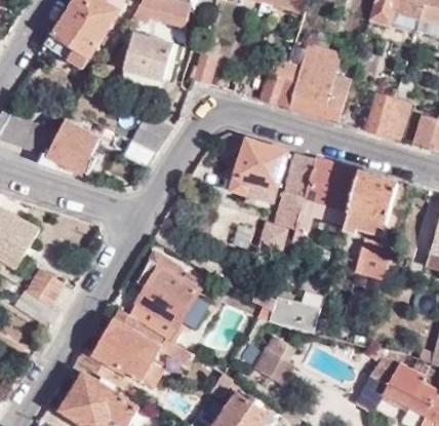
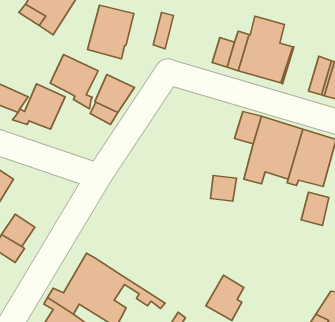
building: none -> [50,54,98,109]
building: [229,138,286,203] -> none
building: [129,254,200,333] -> none
building: [268,295,320,333] -> none

